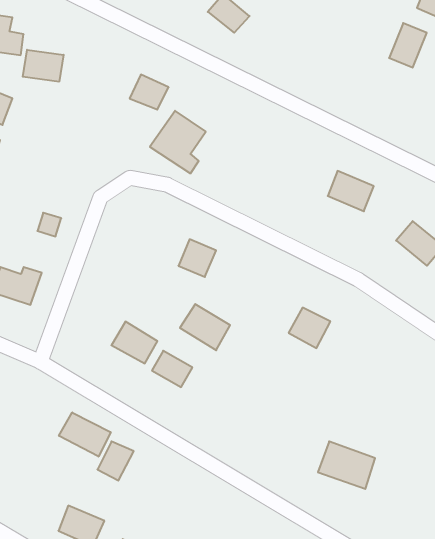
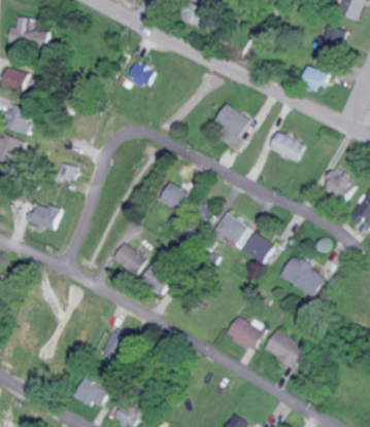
building: [23,50,64,82] -> none
building: none -> [301,65,328,92]
building: [150,111,206,173] -> [208,104,249,150]
building: [180,304,230,350] -> [214,213,251,247]
building: none -> [280,255,327,297]
building: [59,412,111,457] -> none
building: none -> [226,316,264,349]

